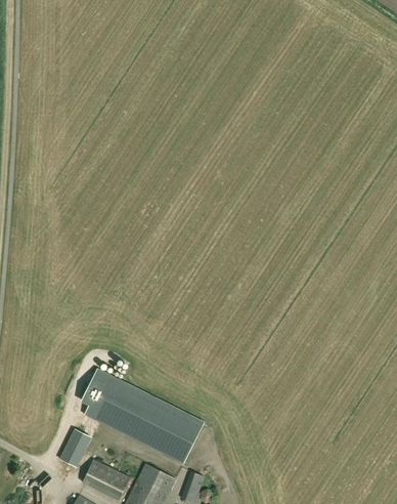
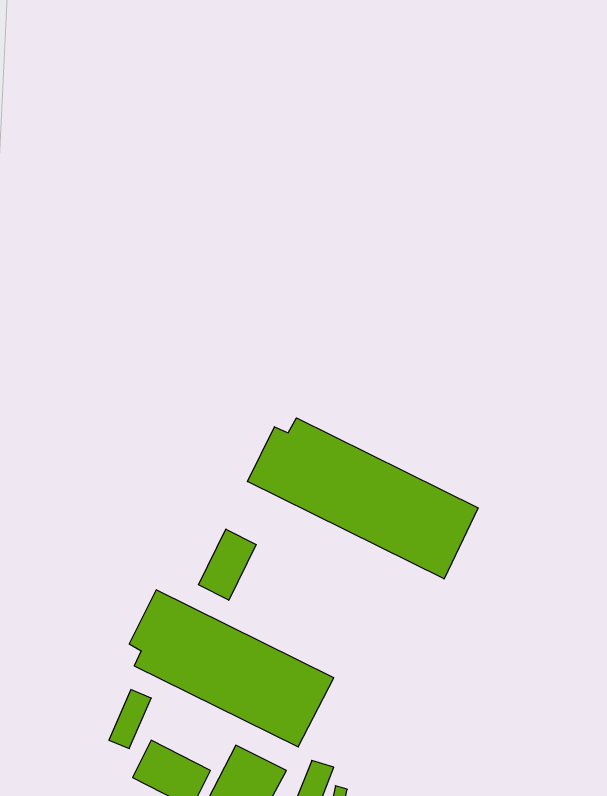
building: none -> [247,418,478,579]
building: none -> [198,529,256,600]

